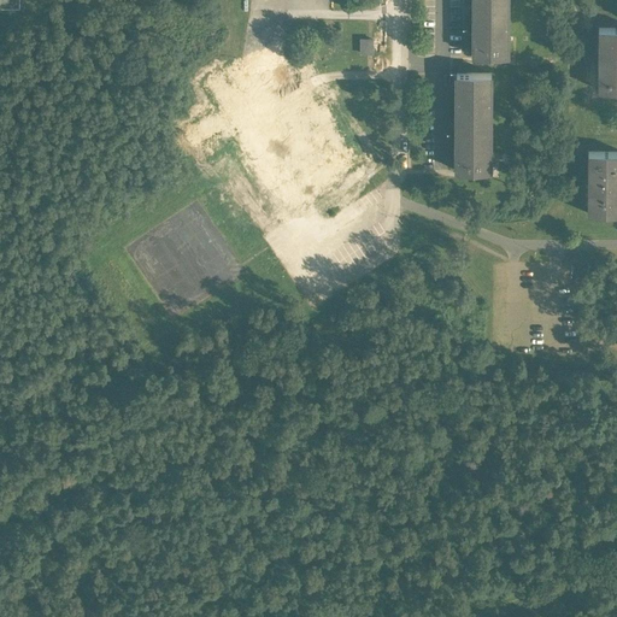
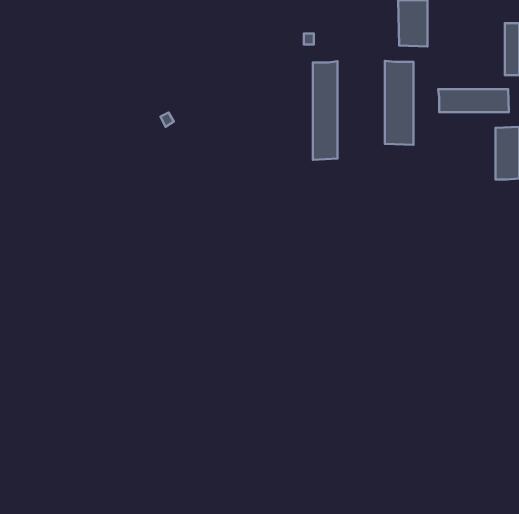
building: none -> [313,61,337,160]
building: none -> [438,89,509,112]

